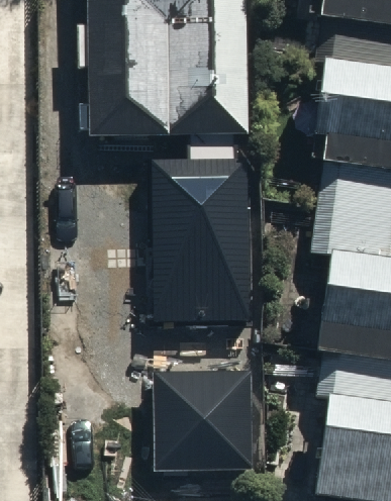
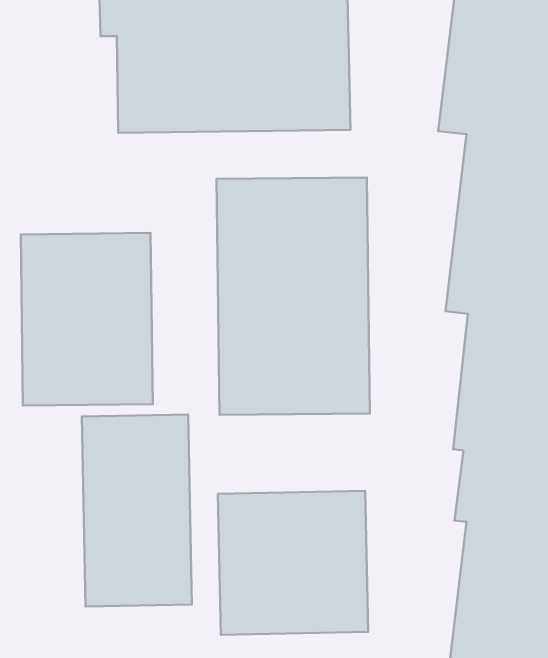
building: none -> [21,233,153,406]
building: none -> [82,414,192,606]

